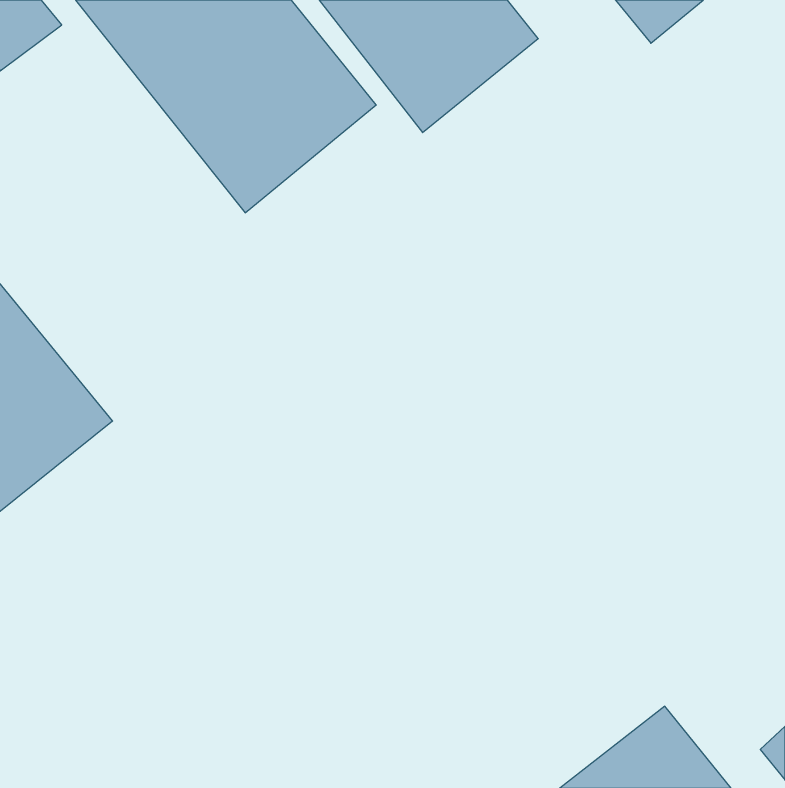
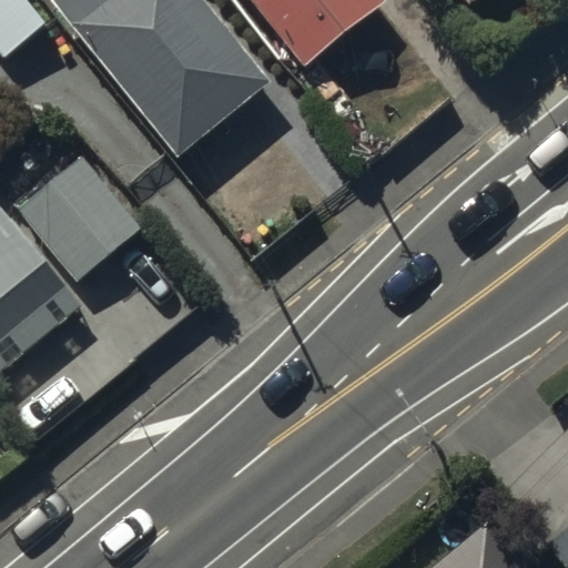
building: none -> [13,151,139,277]

